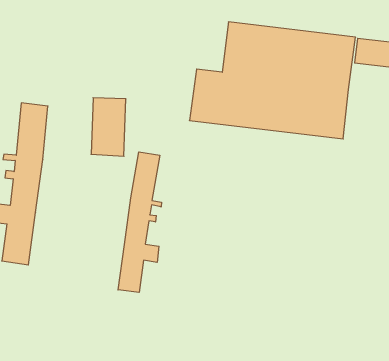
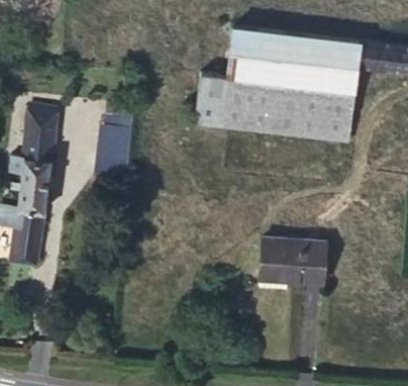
building: [118,152,161,292] -> none
building: none -> [260,239,326,290]

